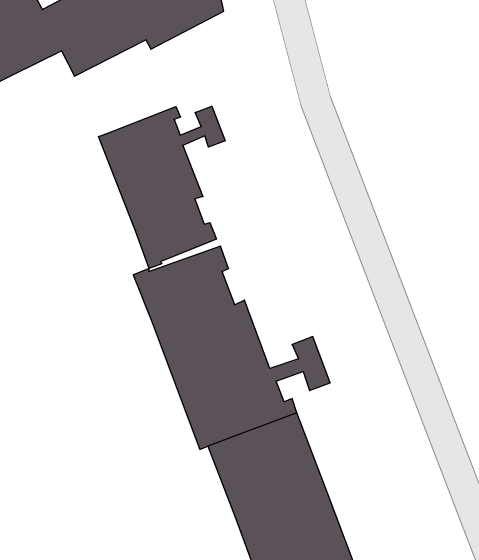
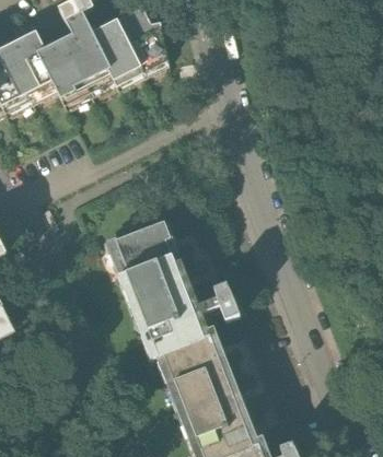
building: [99,106,225,268] -> none

